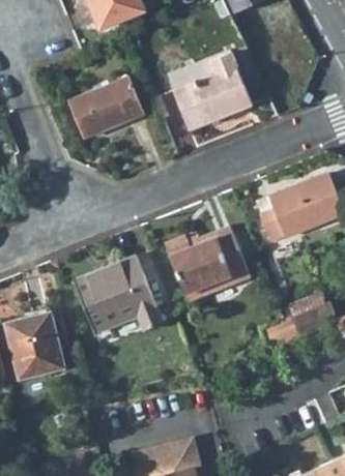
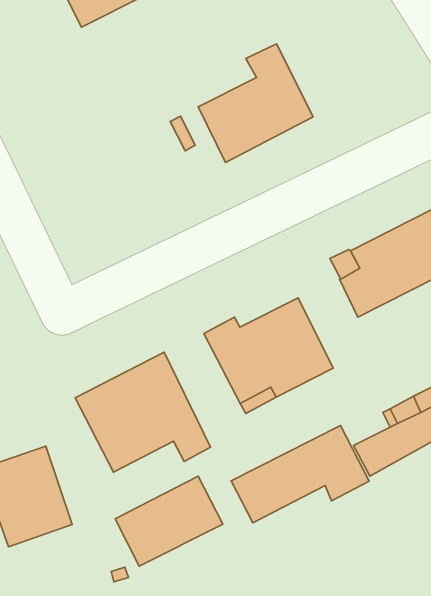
building: [70,78,144,138] -> none
building: none -> [231,426,369,523]
building: none -> [115,476,223,566]

